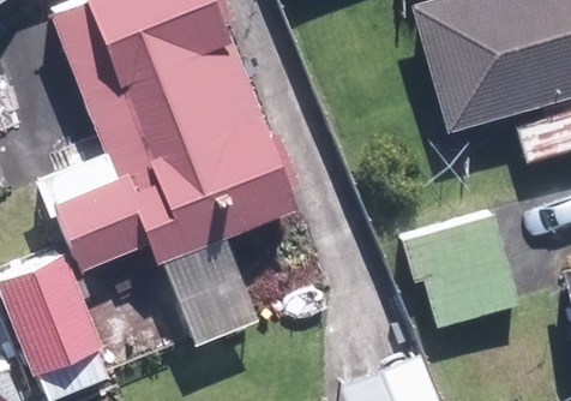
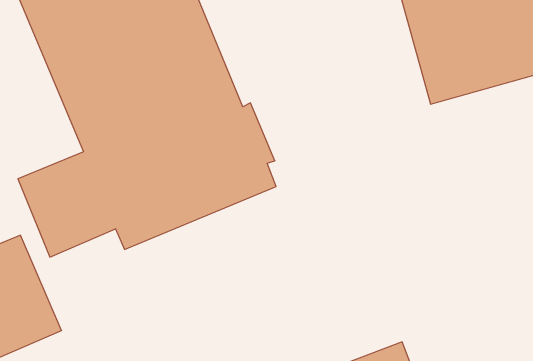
building: [398,215,519,330] -> none

